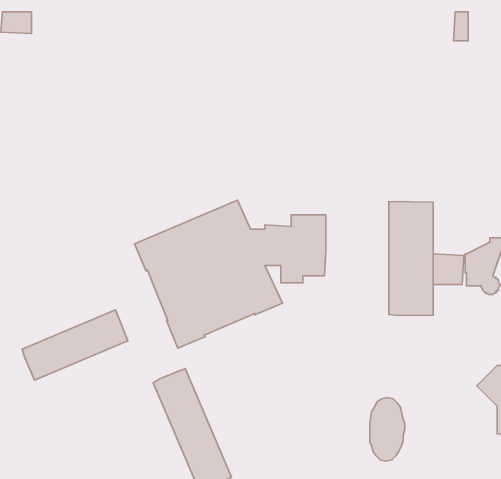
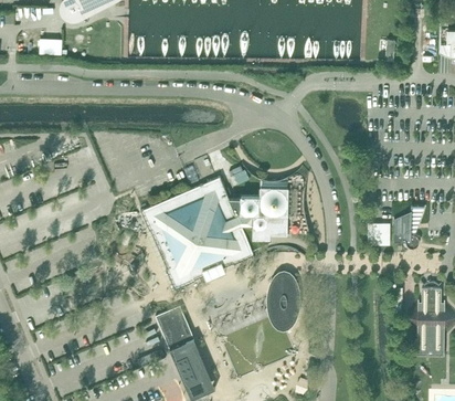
building: [389,202,433,316] -> none
building: [22,310,128,380] -> none
building: [370,397,405,461] -> [269,277,296,326]

